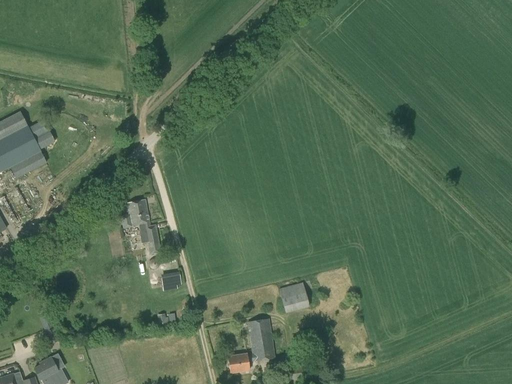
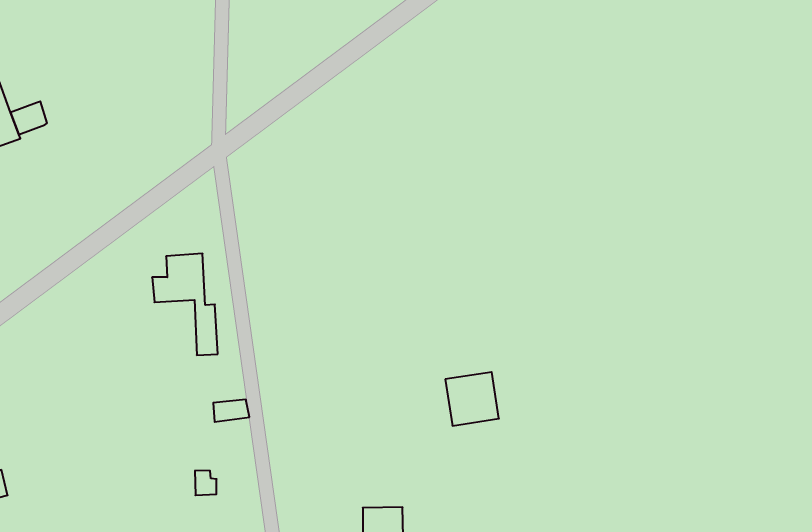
building: [279,282,310,313] -> [445,372,499,426]

